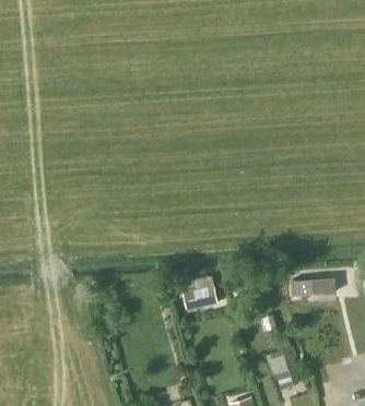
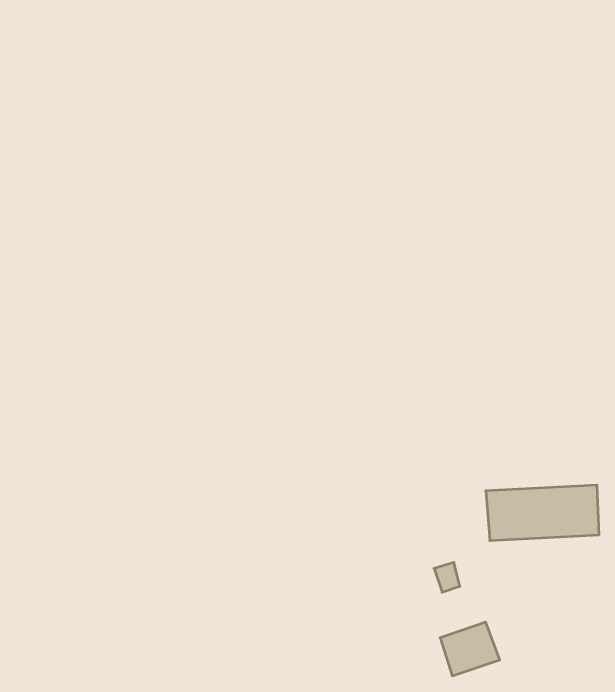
building: [182,276,217,309] -> none

